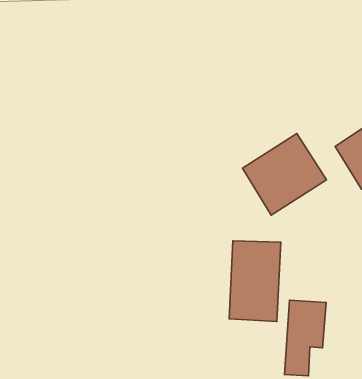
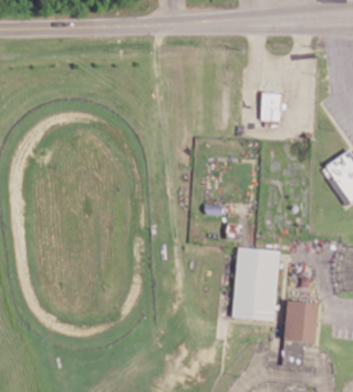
building: none -> [261,93,280,125]
building: [242,134,327,215] -> none

